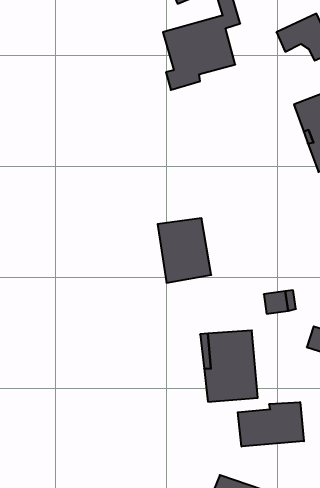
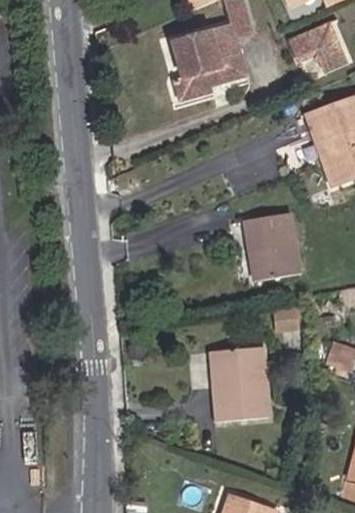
building: [158,218,211,283] -> [245,213,300,280]
building: [238,402,304,447] -> none

